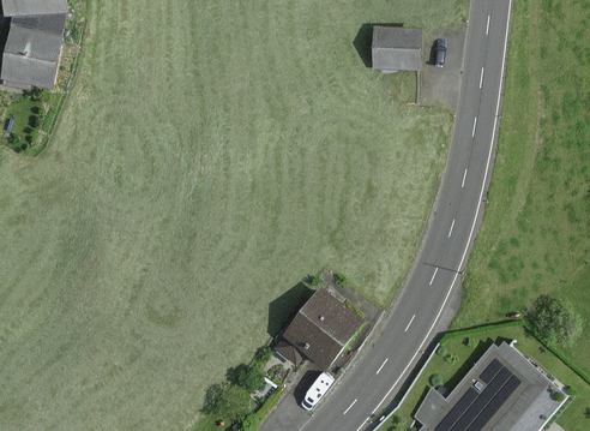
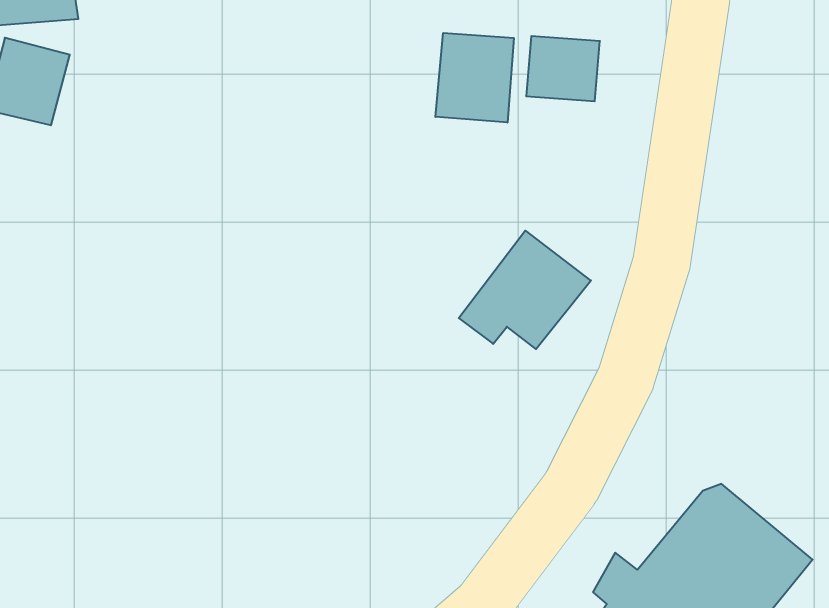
building: none -> [435,33,514,123]
building: [273,286,366,369] -> [459,231,591,349]

